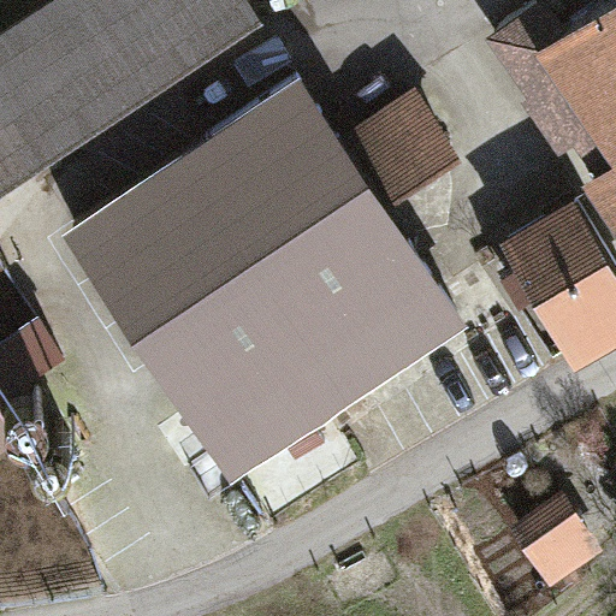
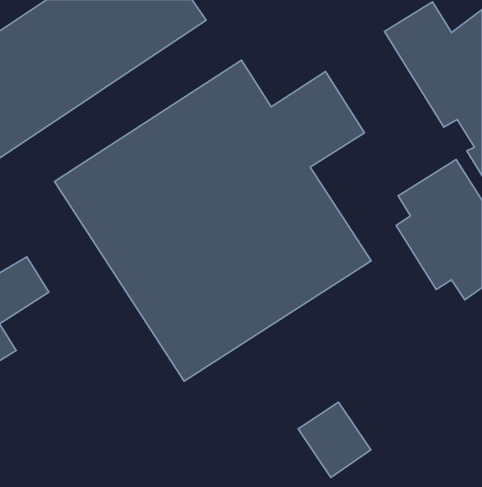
building: [503,485,594,580] -> [298,402,371,477]

